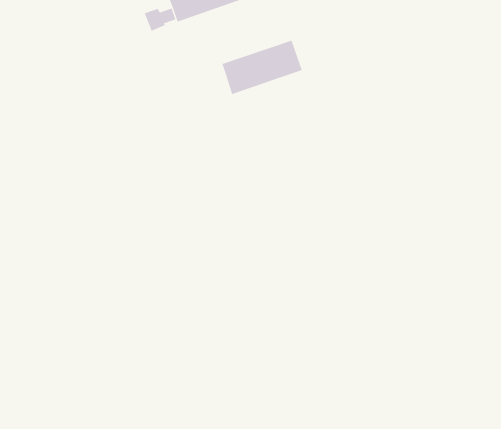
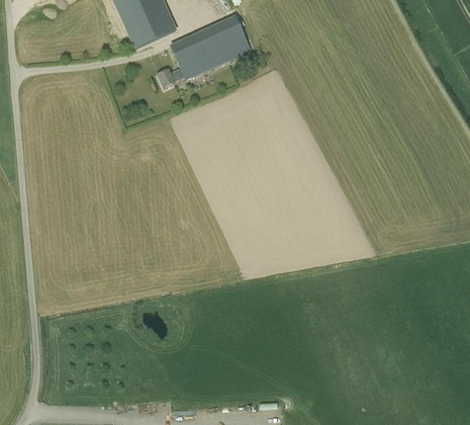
building: [222,40,303,95] -> none

